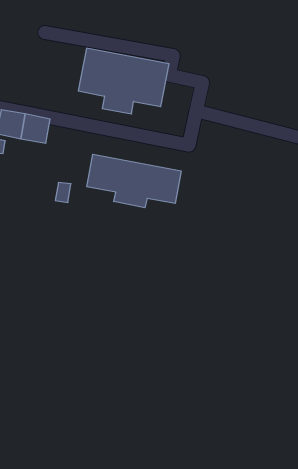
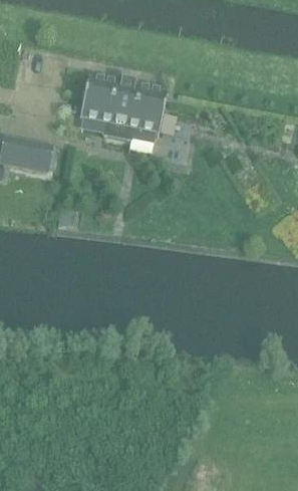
building: [87,154,181,208] -> none

